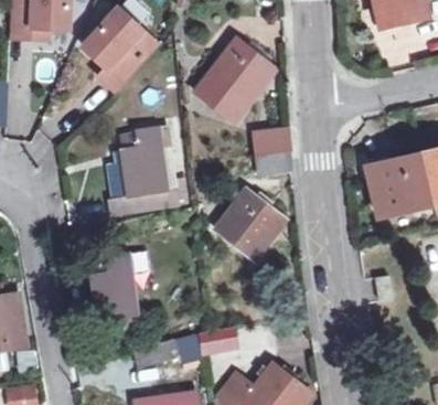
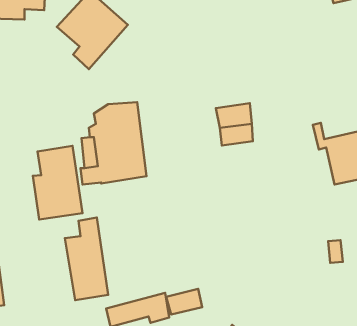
building: [194,38,274,121] -> none
building: none -> [33,146,83,220]
building: [214,188,286,259] -> none

